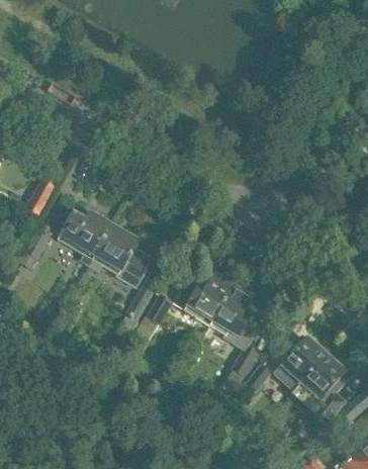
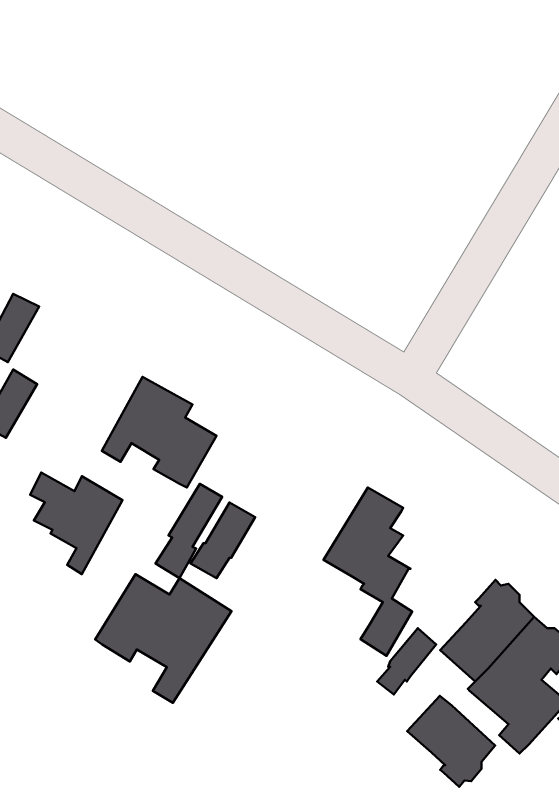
building: [62,209,112,265] -> [30,473,123,574]
building: [186,274,236,324] -> none
building: none -> [95,574,232,703]
building: none -> [407,696,495,787]

